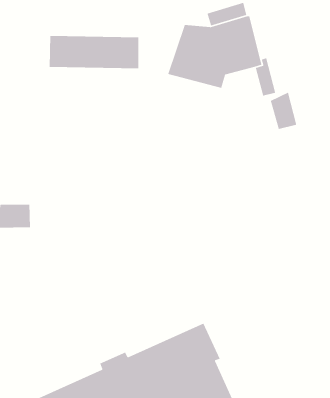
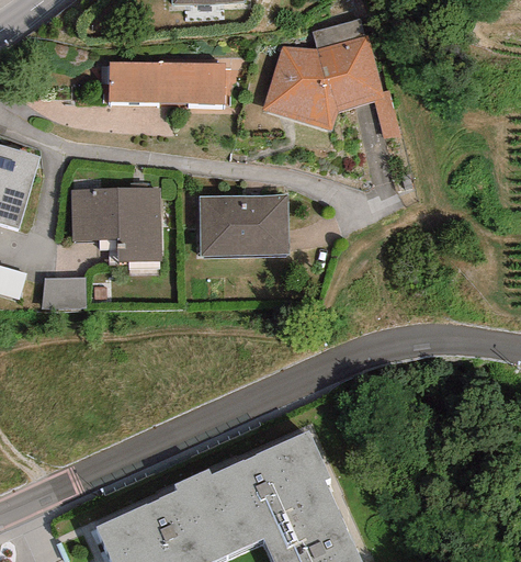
building: [270,92,297,130] -> none
building: none -> [70,188,162,261]
building: none -> [199,194,287,257]

